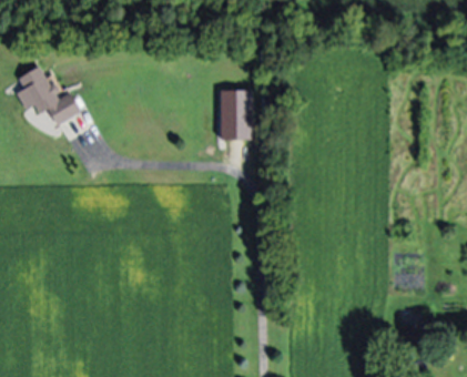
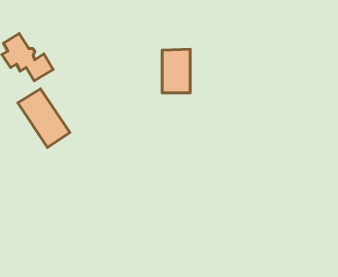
building: none -> [18,89,70,147]

